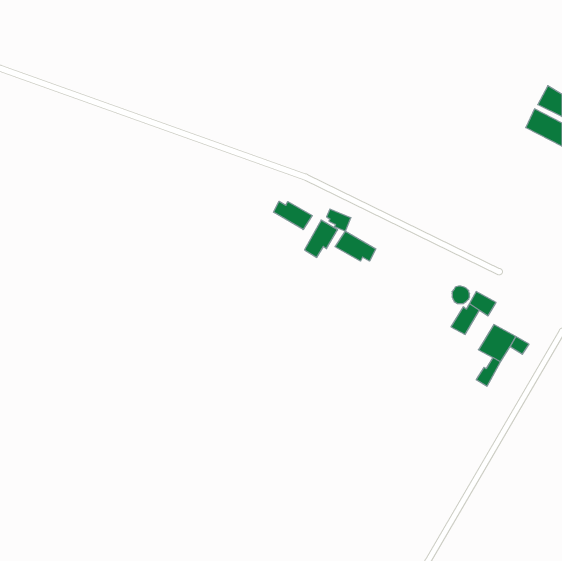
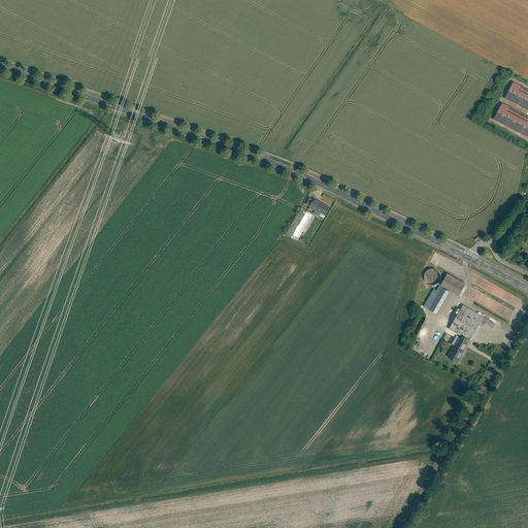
building: [274,201,312,230] -> none
building: [335,231,376,261] -> none

